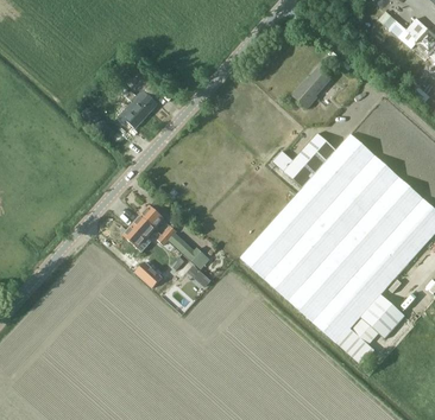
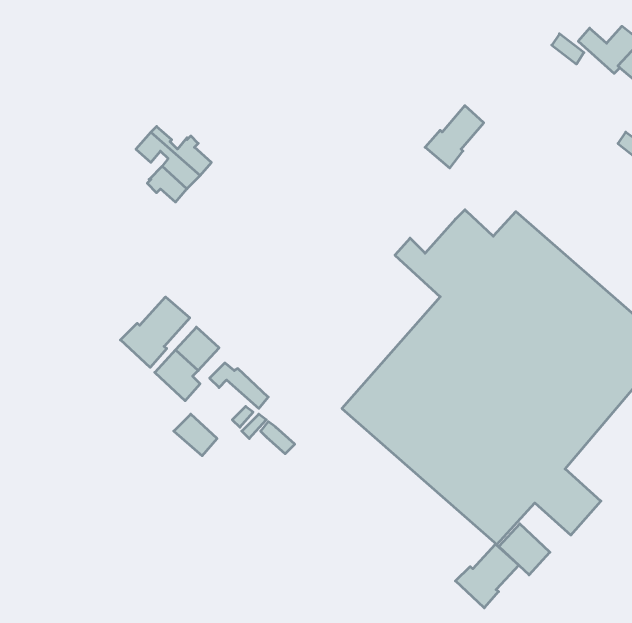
building: none -> [120,297,190,367]
building: none -> [455,544,519,608]

